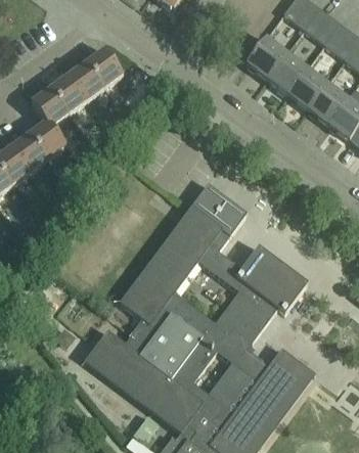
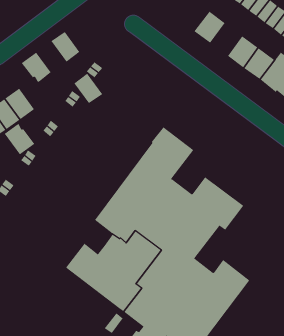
building: [85,49,123,89] -> none
building: [266,53,305,94] -> none
building: [49,76,86,115] -> [74,73,103,104]
building: [28,121,66,161] -> [4,123,35,155]

